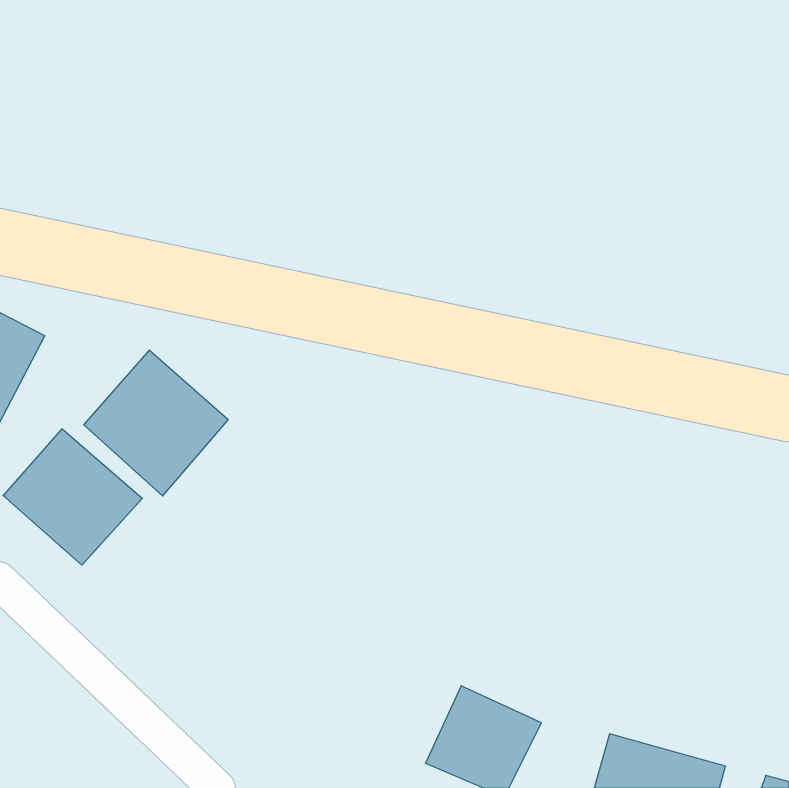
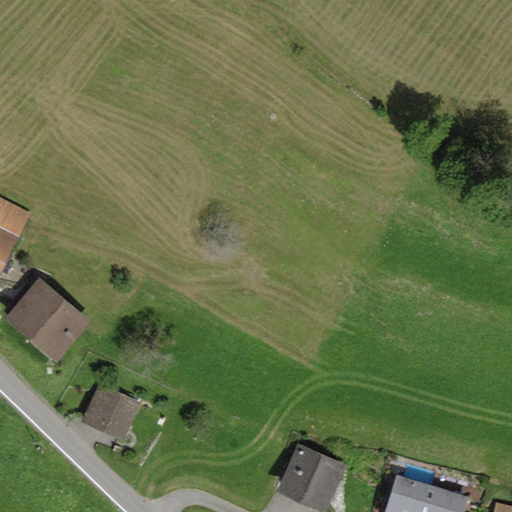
building: [84,350,228,496] -> none
building: none -> [81,384,141,441]

